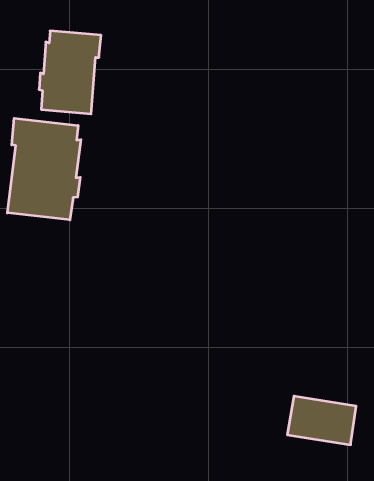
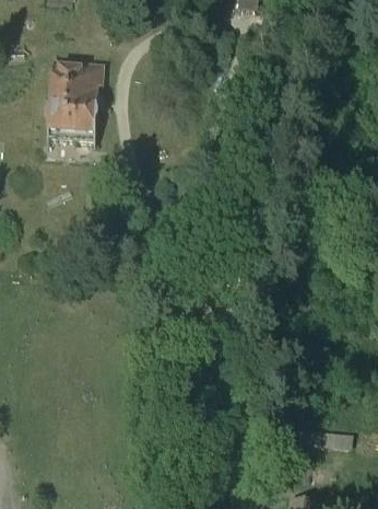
building: [7,118,81,220] -> none

